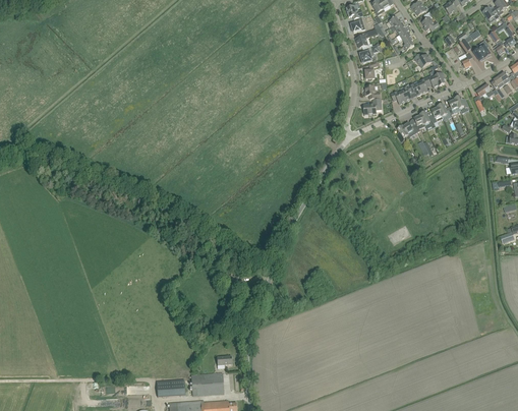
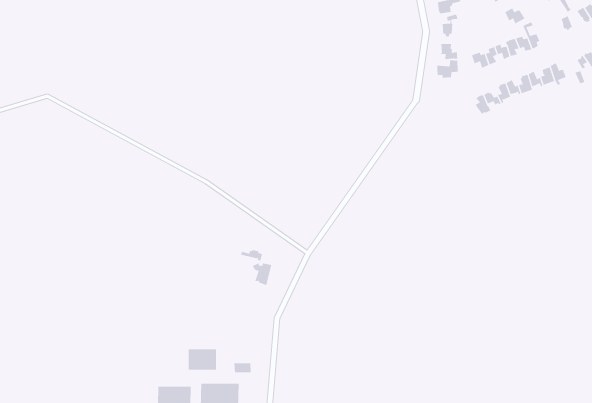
building: none -> [188,349,217,371]

